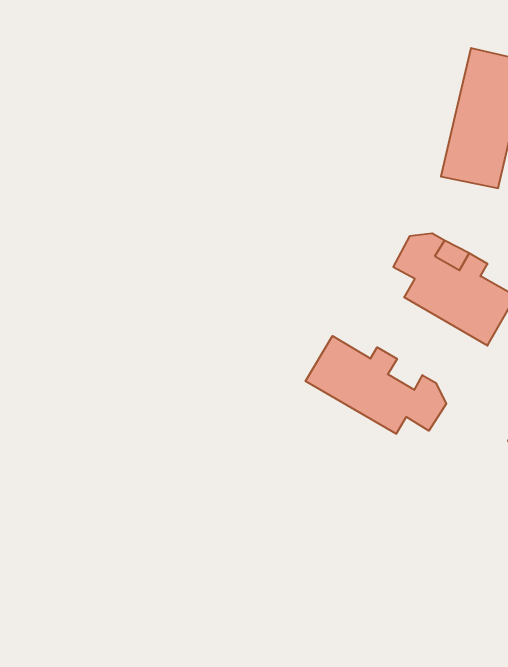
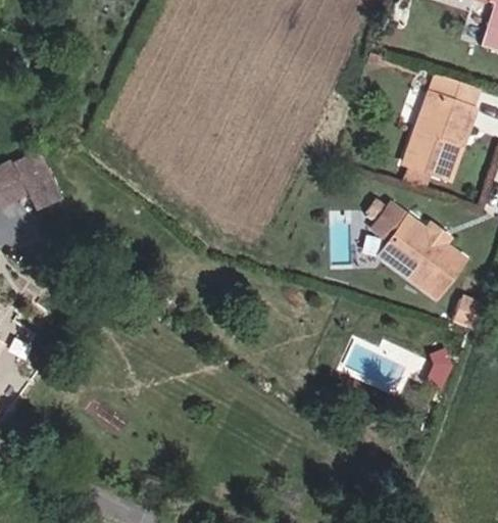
building: [306,336,446,434] -> none

